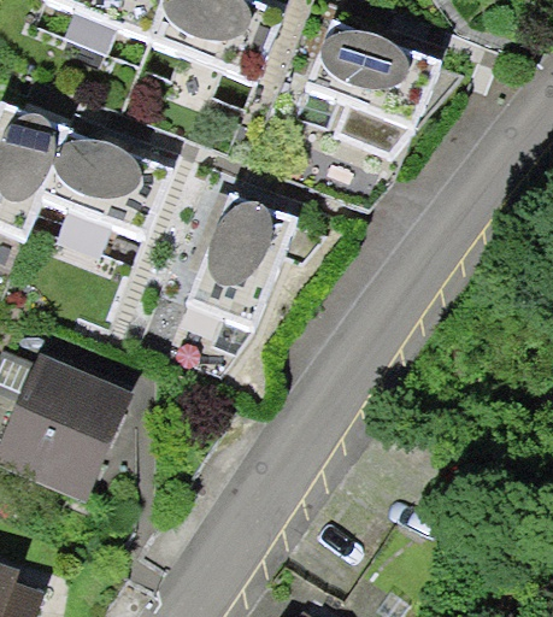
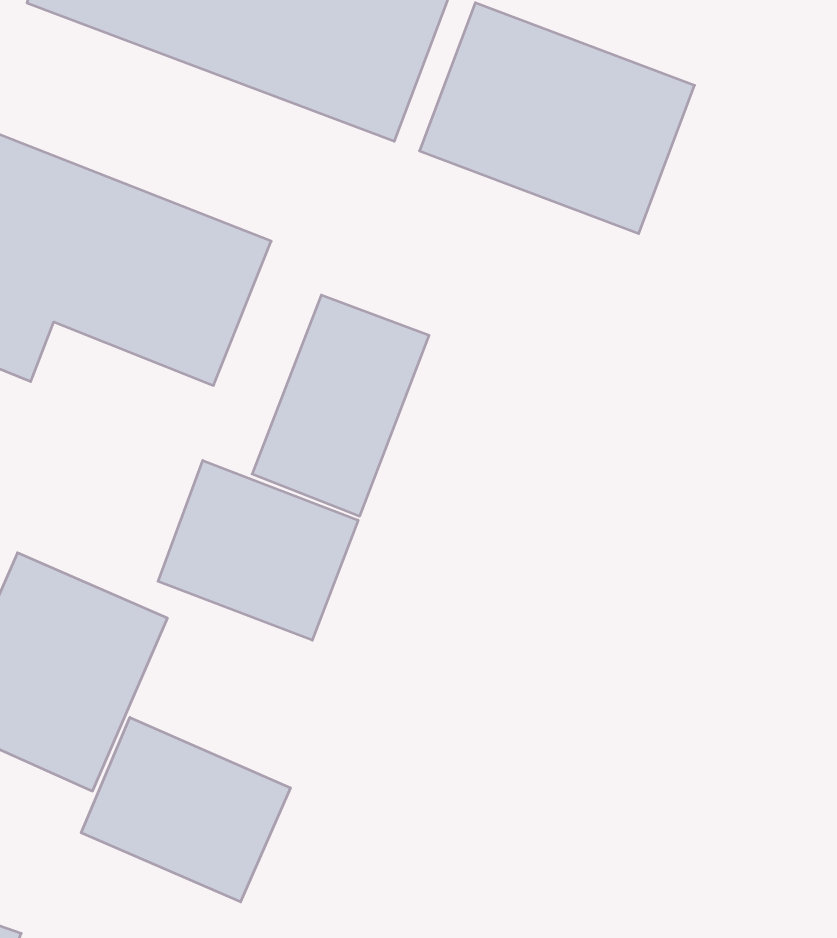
building: none -> [158,460,358,640]
building: none -> [81,717,290,902]

